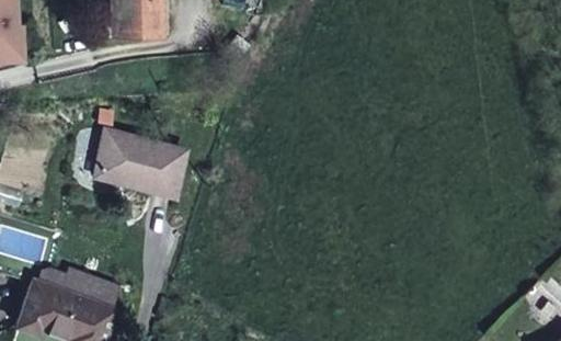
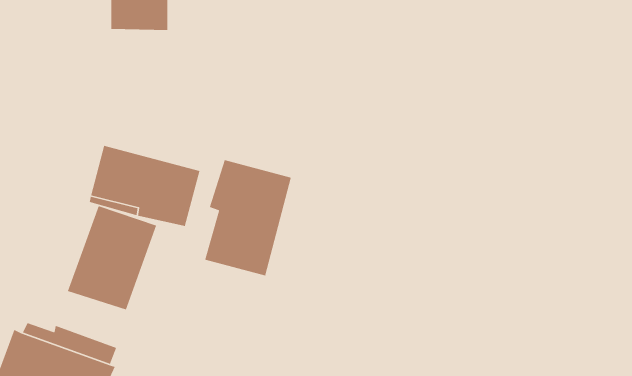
building: none -> [204,159,292,276]
building: none -> [67,205,157,310]

